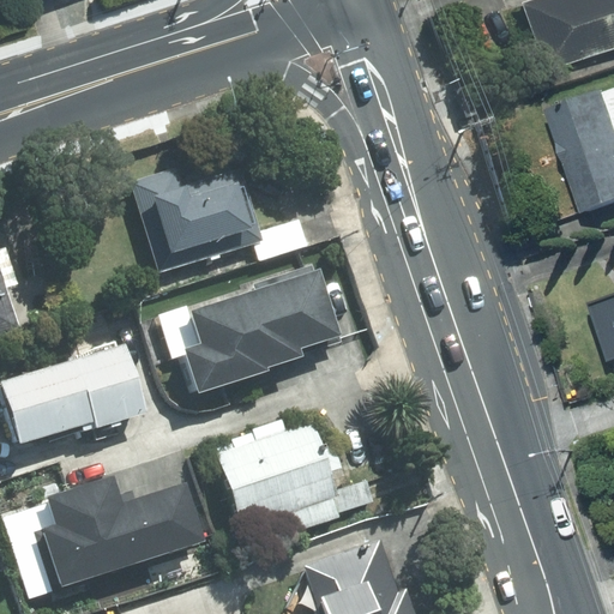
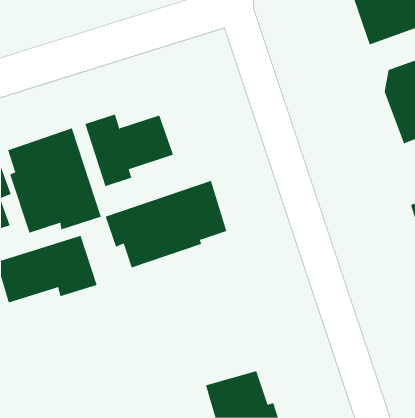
building: none -> [8,127,101,233]
building: [215,422,342,532] -> none
building: [38,476,204,590] -> none

